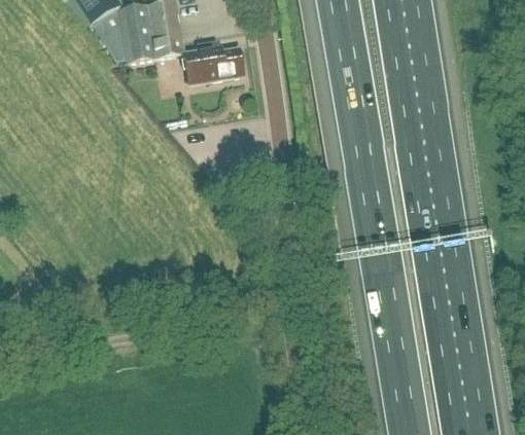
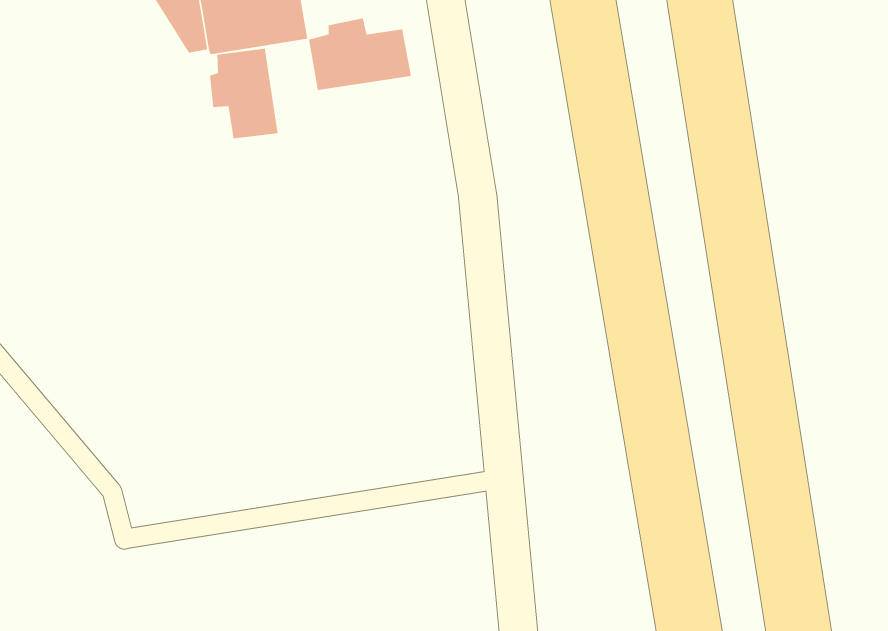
building: none -> [209,48,279,139]

